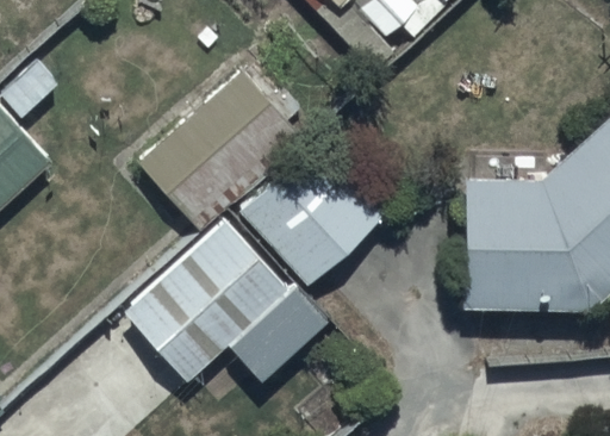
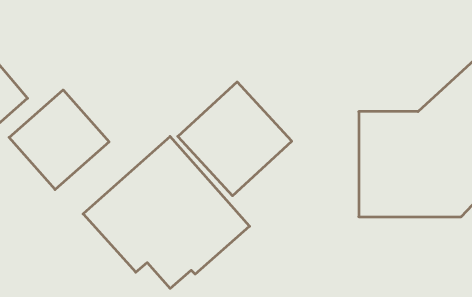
building: [136,69,299,230] -> none
building: none -> [9,90,109,190]

